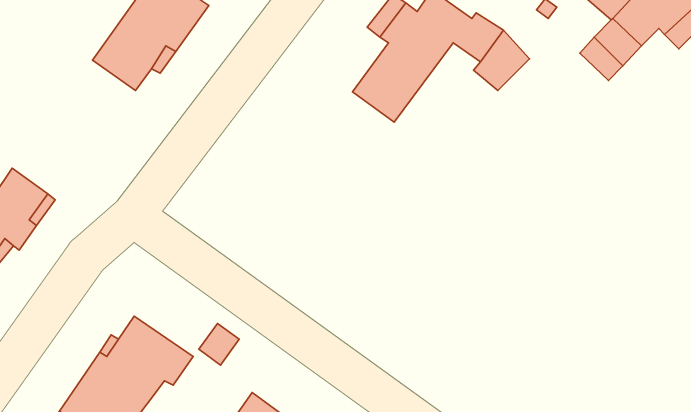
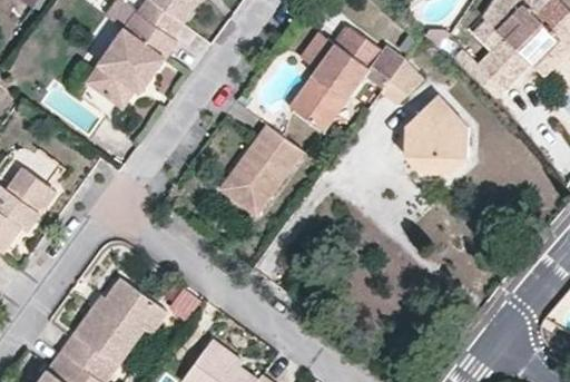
building: none -> [407,92,472,172]
building: none -> [220,125,303,215]

